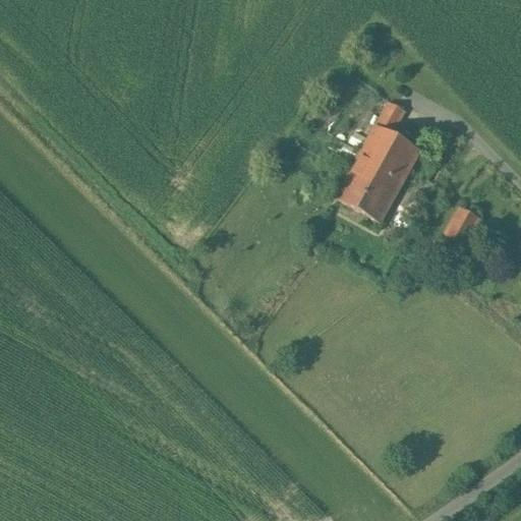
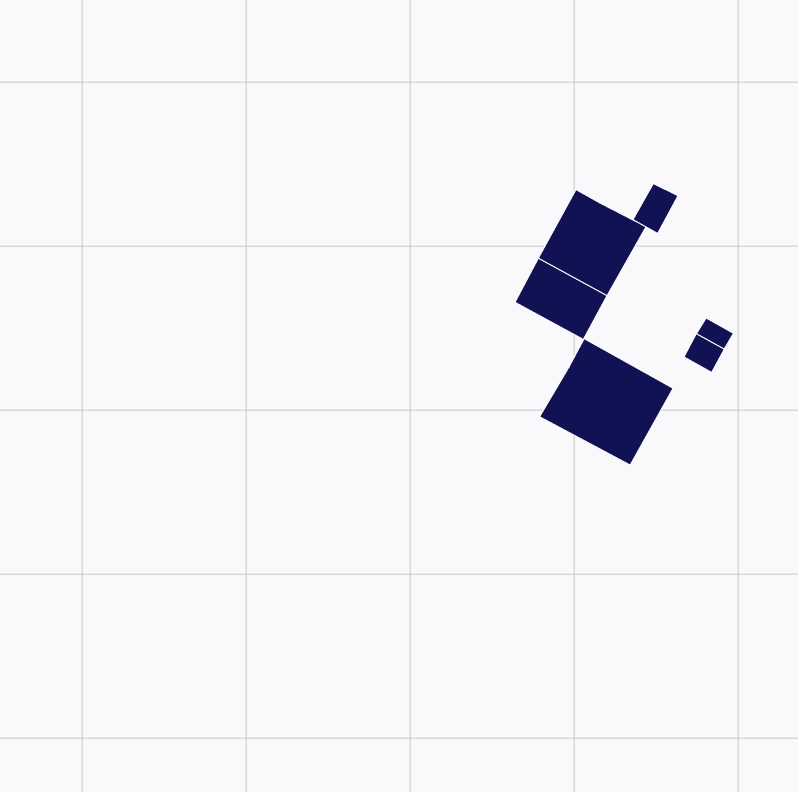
building: [375,100,405,132] -> [633,183,678,234]
building: none -> [540,339,673,465]

